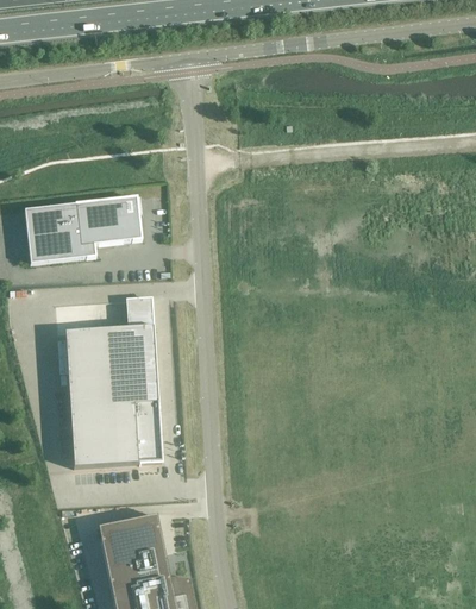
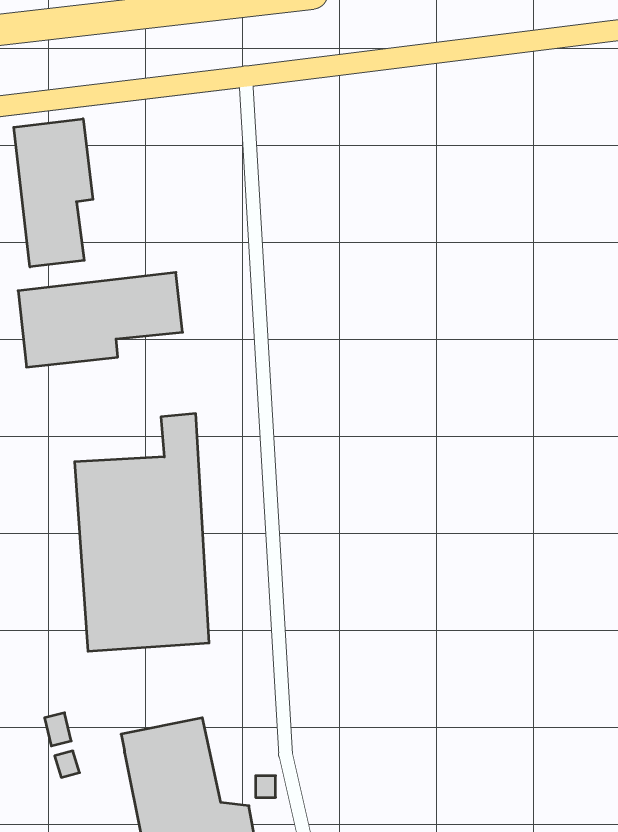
building: none -> [14,119,93,267]

